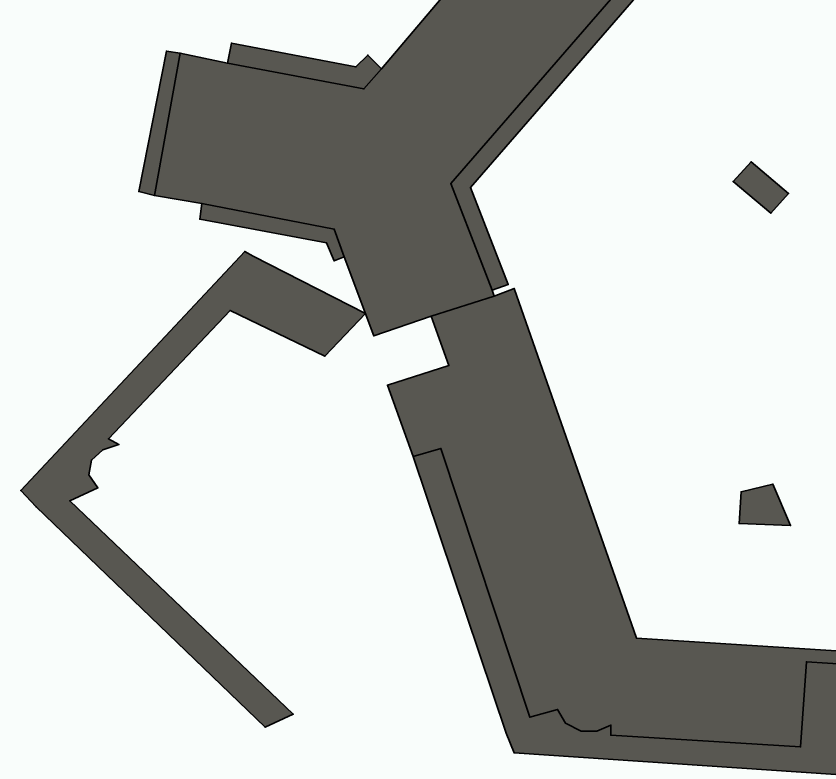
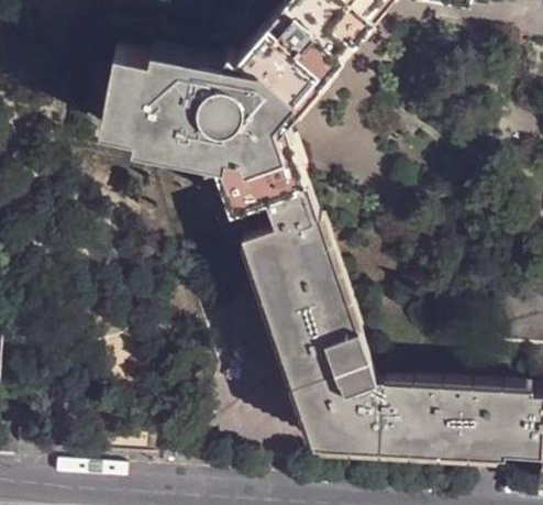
building: [21,252,365,727] -> none

